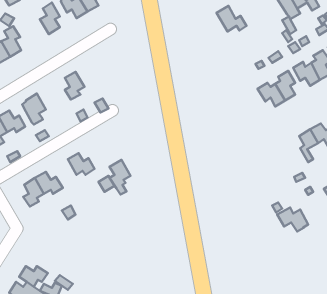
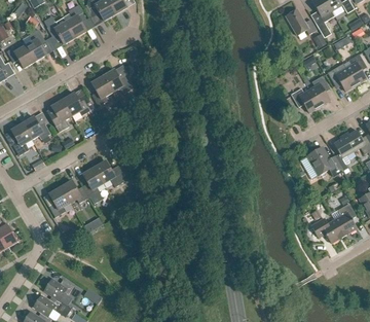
building: [217,6,246,32] -> [286,8,317,35]
building: none -> [47,17,75,44]
building: none -> [103,69,133,94]
building: none -> [63,93,95,115]
building: none -> [307,146,343,175]
building: [110,160,130,195] -> [82,167,104,203]
building: none -> [335,203,357,235]

